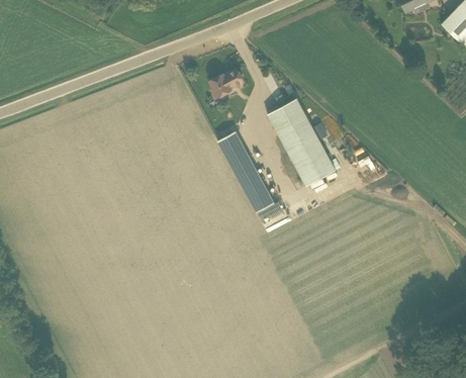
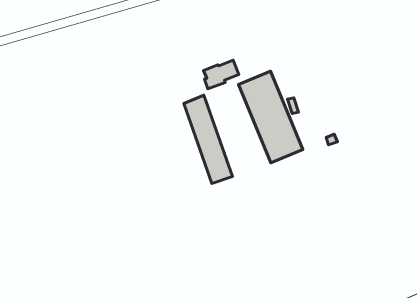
building: [209,68,244,98] -> [203,60,239,89]

